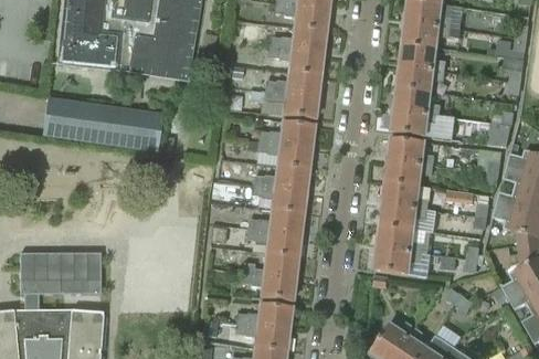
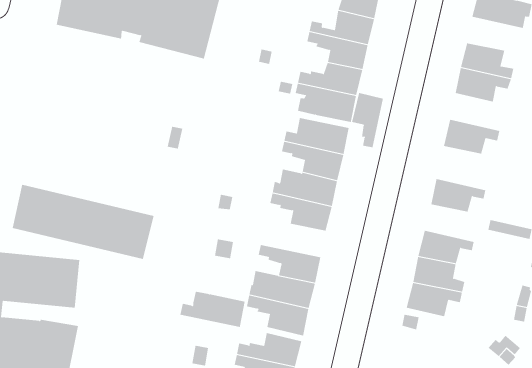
building: [404,21,451,46] -> none
building: [397,86,441,114] -> none
building: none -> [351,92,383,148]
building: [44,97,162,150] -> [12,184,155,260]
building: [390,136,434,165] -> none
building: [384,181,429,209] -> none
building: [249,208,303,234] -> [180,291,246,327]

